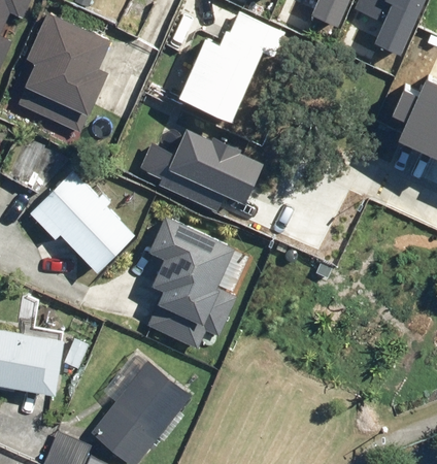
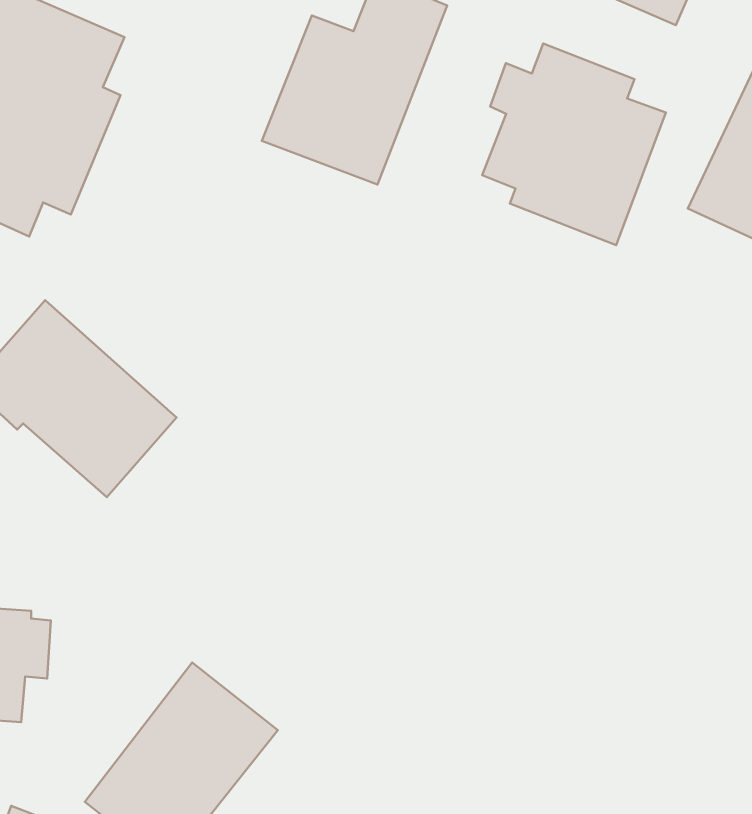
building: none -> [482,44,666,245]
building: [142,124,275,209] -> none
building: [147,219,243,351] -> none

